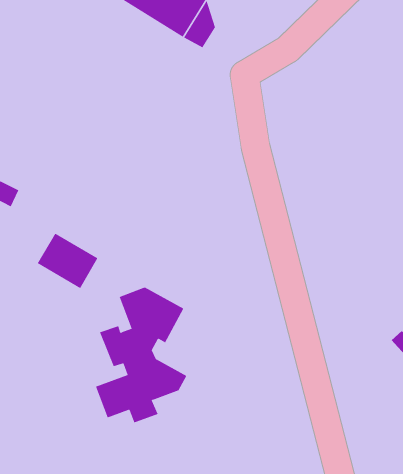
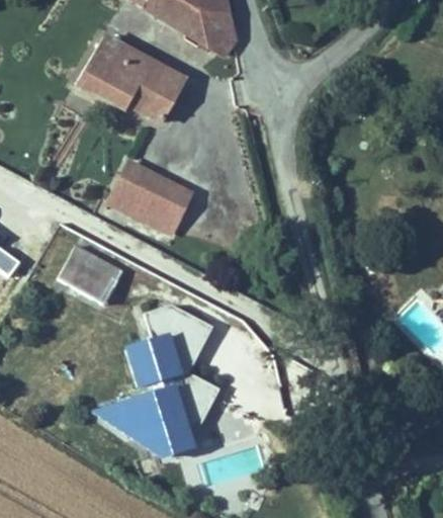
building: none -> [83,32,190,122]
building: none -> [109,161,189,235]

